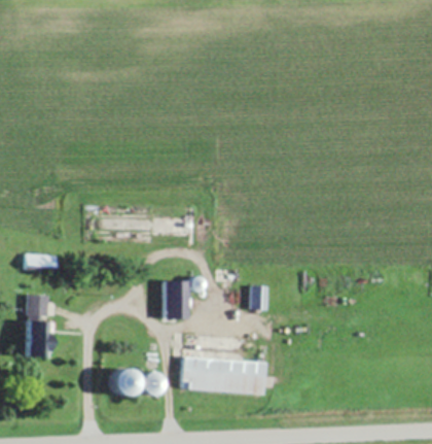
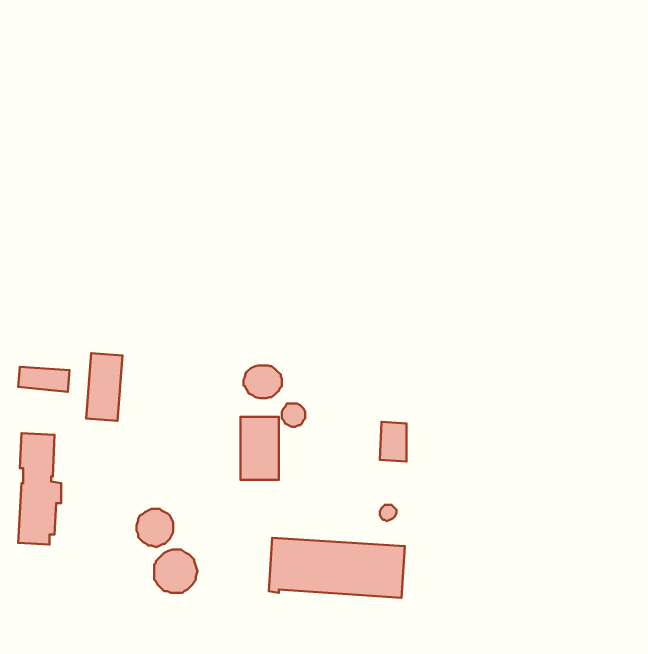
building: none -> [86,353,122,421]
building: none -> [244,365,282,398]
building: [140,369,163,392] -> [137,509,173,547]

